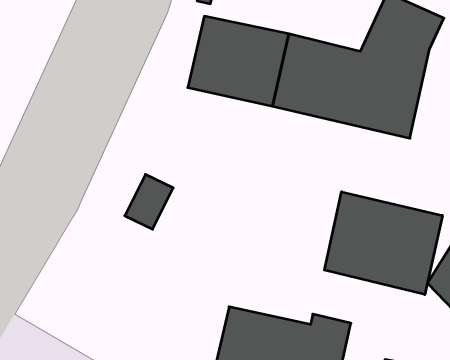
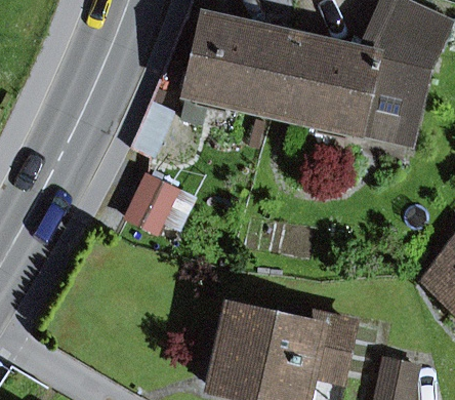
building: [324,192,442,295] -> none

